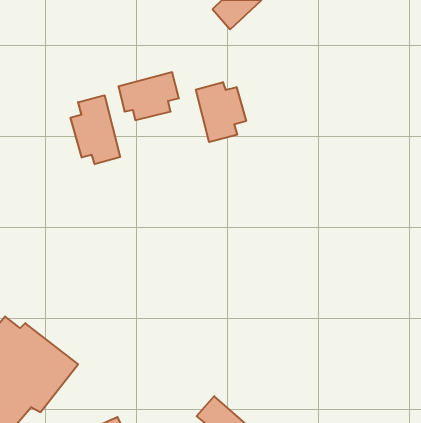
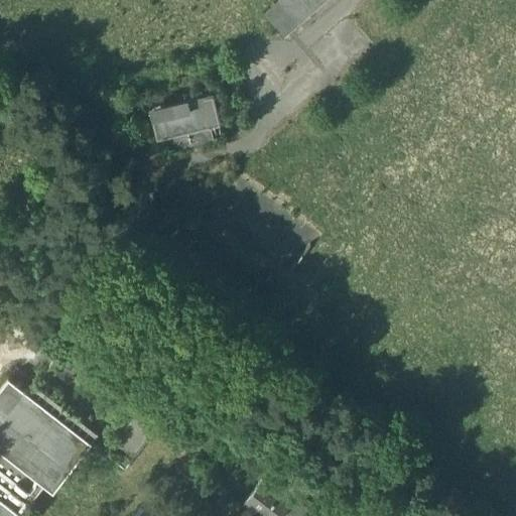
building: [196,82,246,142] -> none
building: [71,95,120,164] -> none

